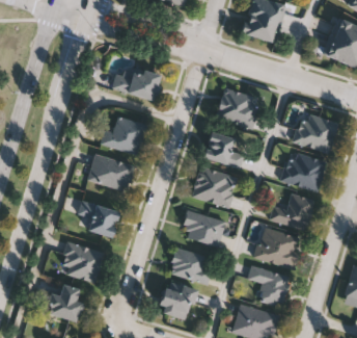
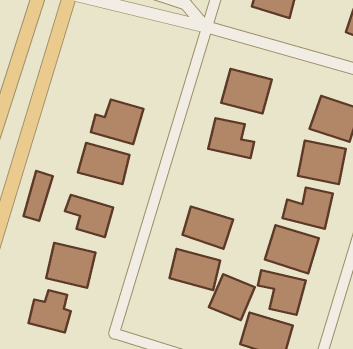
building: [112,62,162,101] -> none
building: [191,166,236,207] -> none
building: none -> [23,171,53,221]
building: [157,280,197,320] -> [209,274,255,320]

